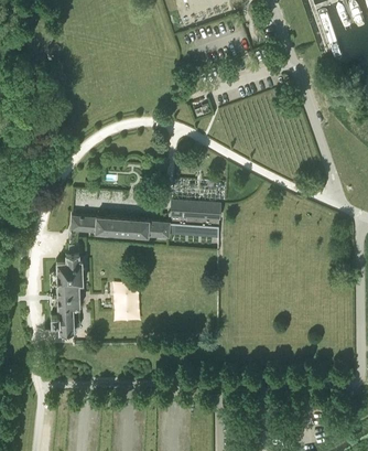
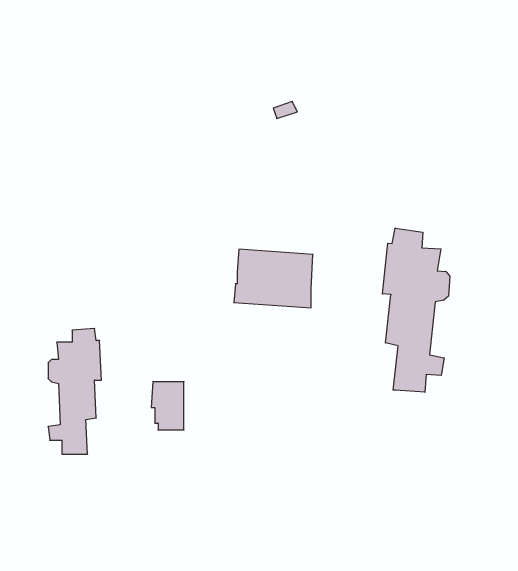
building: none -> [382,228,450,392]
building: [71,216,170,238] -> none

